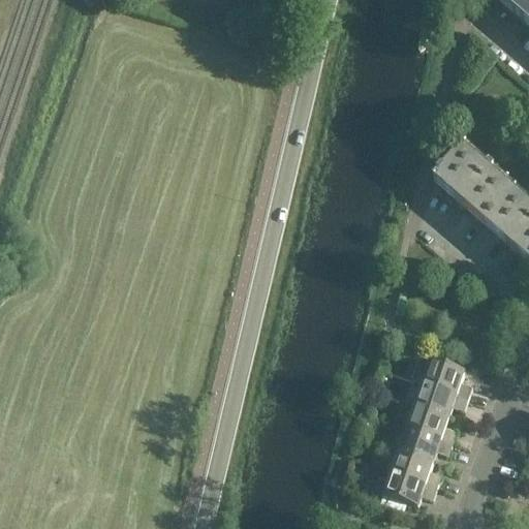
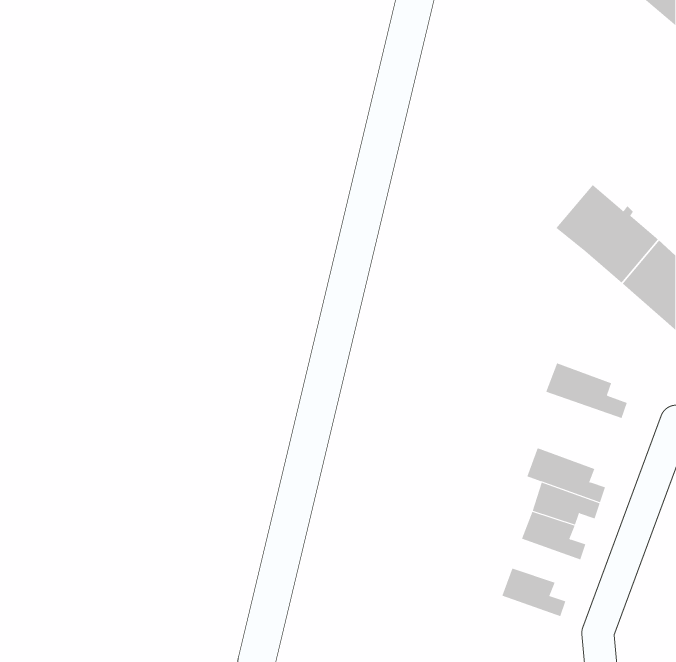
building: none -> [545,363,628,419]
building: [400,421,454,455] -> none
building: [383,465,438,501] -> none

